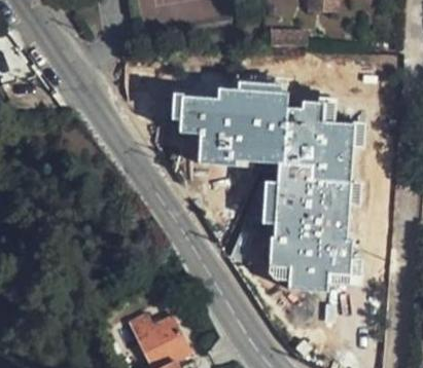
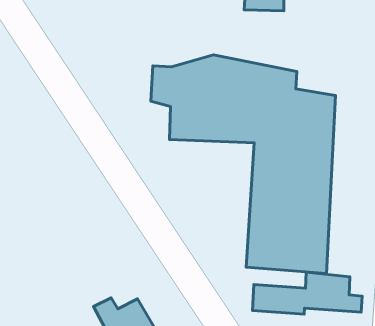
building: none -> [253,272,362,314]

